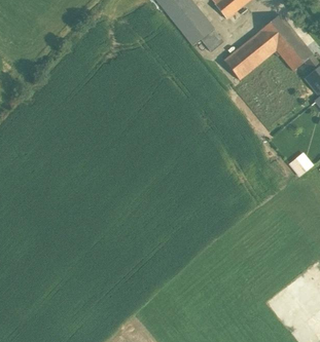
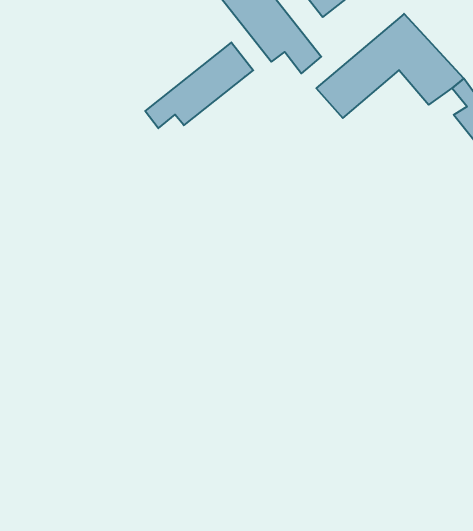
building: none -> [145,42,253,128]

